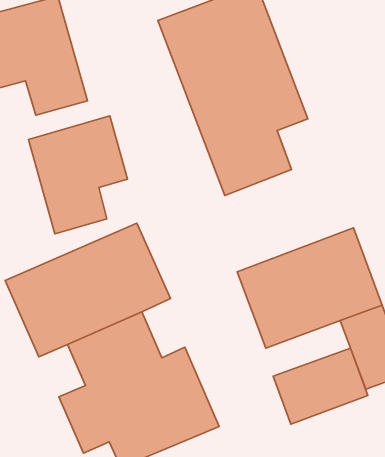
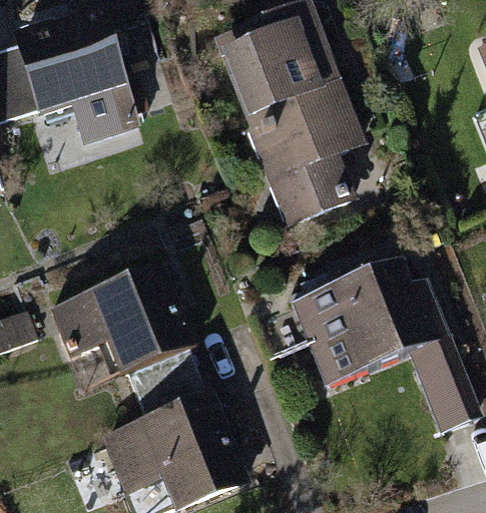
building: [28,116,128,234] -> none
building: [273,348,368,424] -> none

